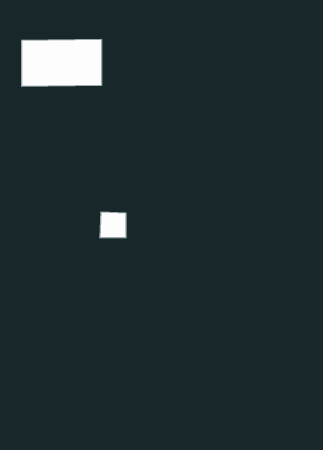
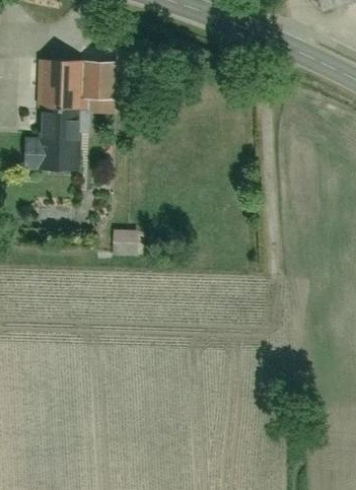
building: none -> [24,110,82,169]

